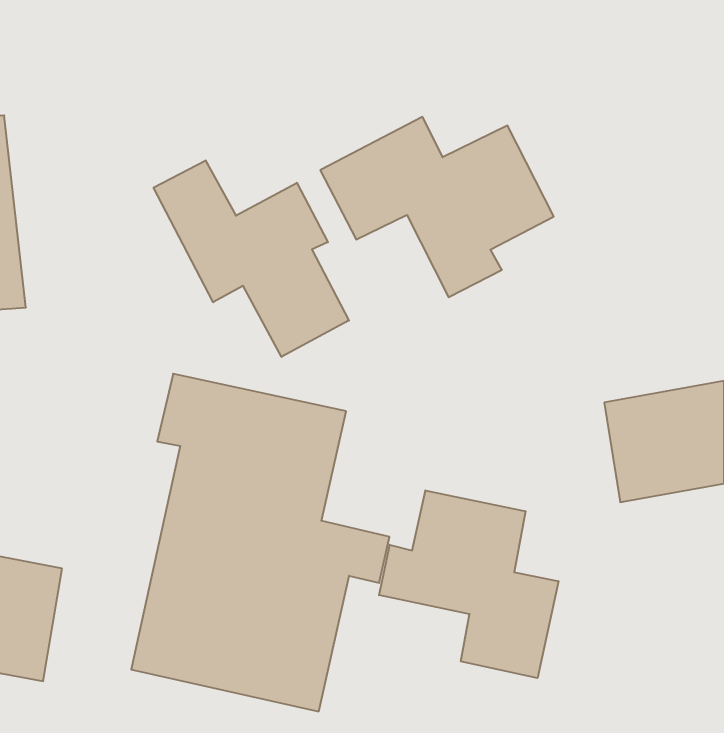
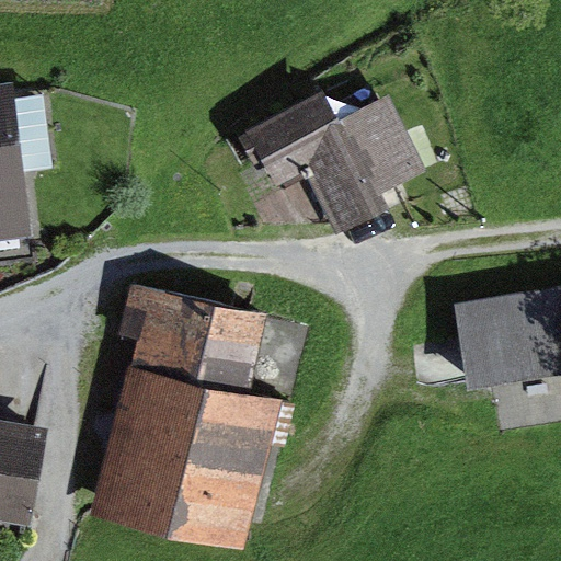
building: [154,160,349,357] -> none
building: [379,490,558,678] -> none

